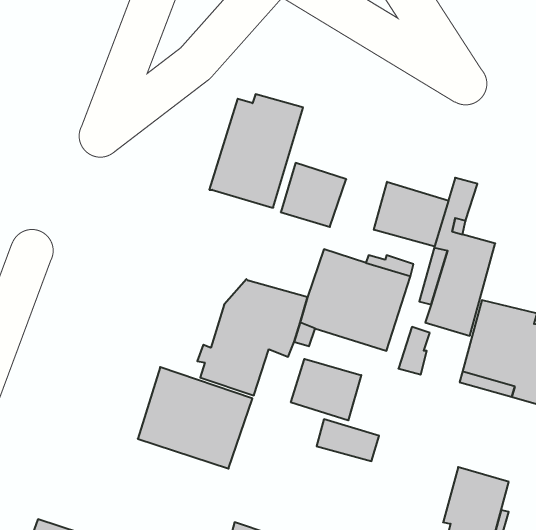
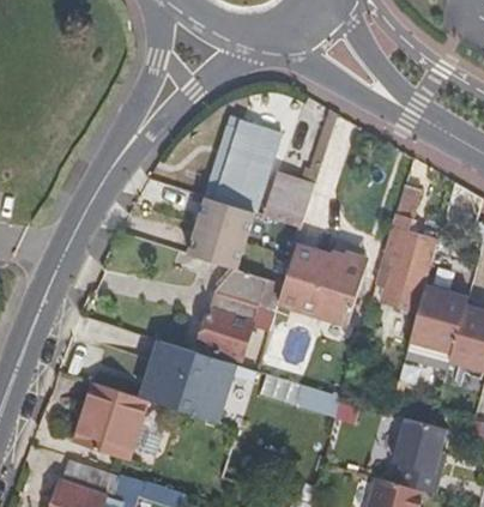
building: [374,182,448,246] -> none
building: none -> [187,197,254,270]
building: [291,359,361,420] -> none
building: none -> [74,384,146,460]

